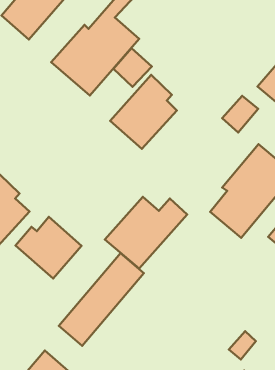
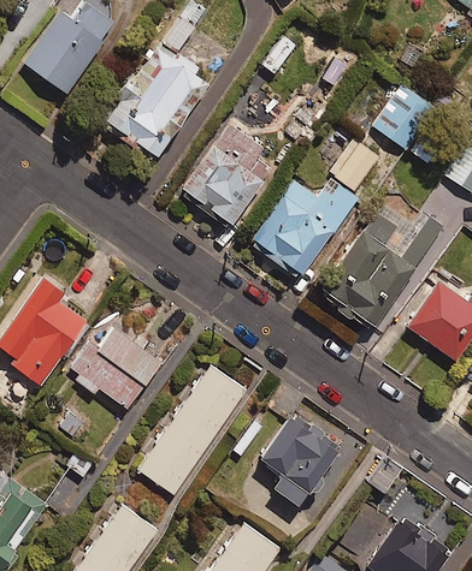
building: [113,48,152,87] -> none
building: [105,197,187,269] -> [249,179,356,276]
building: none -> [262,418,336,505]

